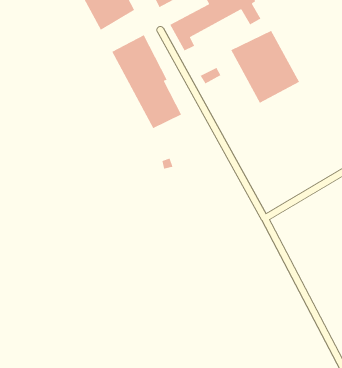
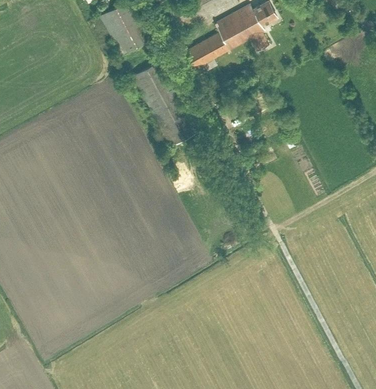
building: [230,30,300,104] -> none

